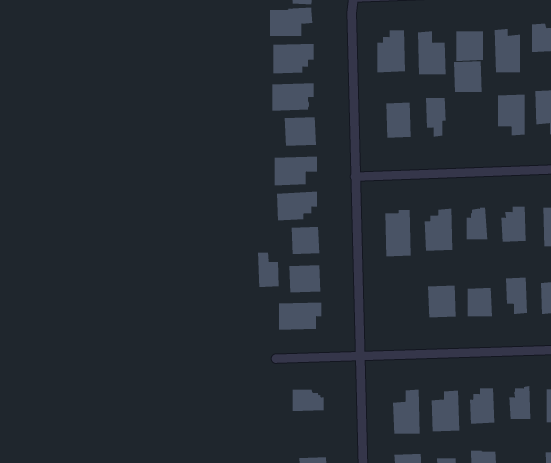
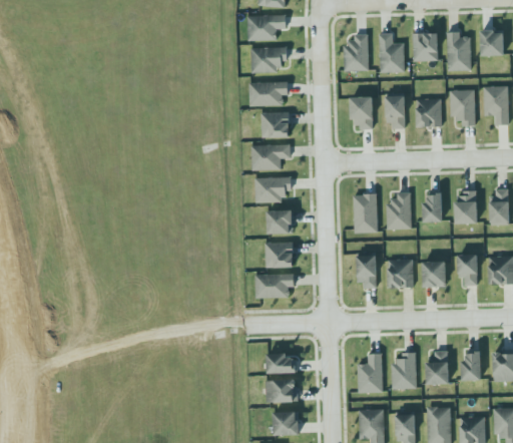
building: [453,61,483,92] -> [416,99,442,127]
building: [257,252,279,288] -> none
building: none -> [356,254,377,288]
building: none -> [267,378,298,401]

